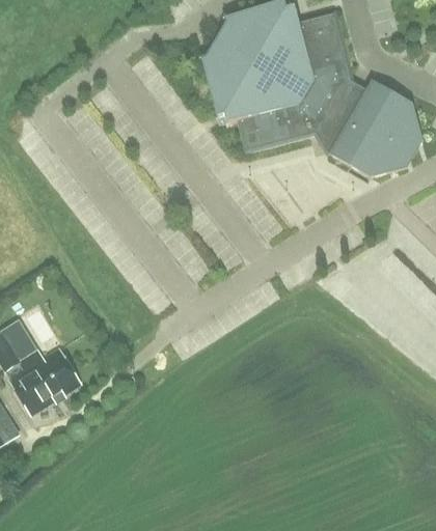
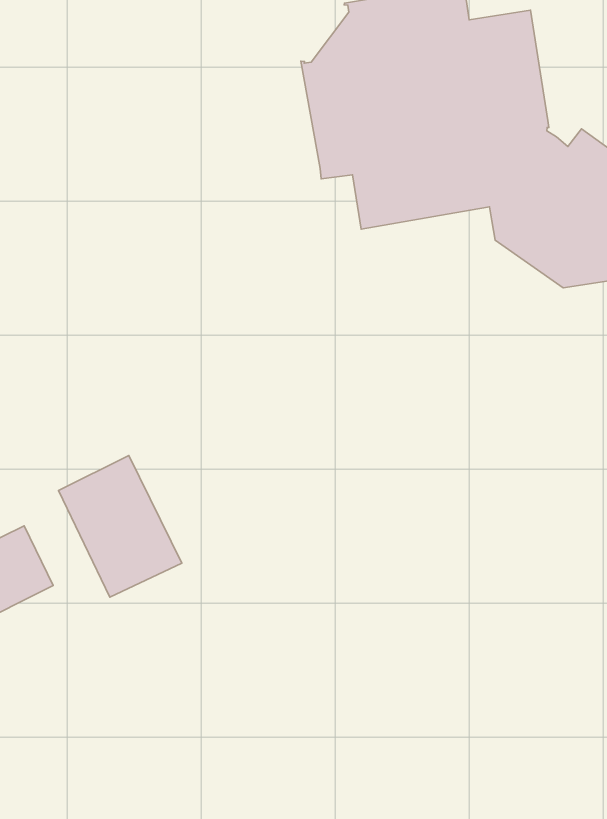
building: none -> [59,455,182,597]

